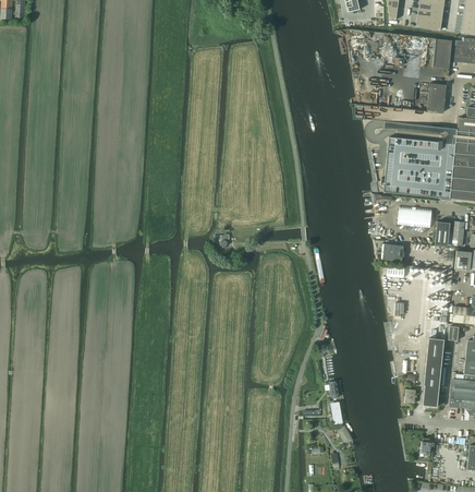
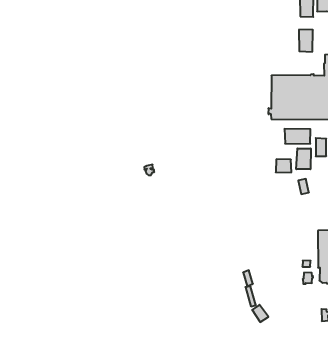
building: none -> [296,148,311,169]

